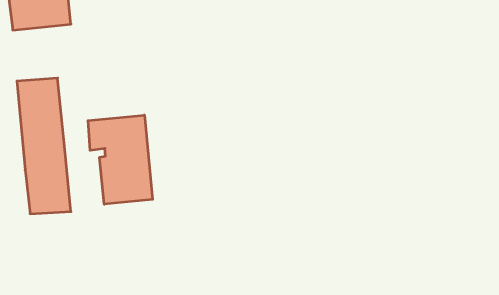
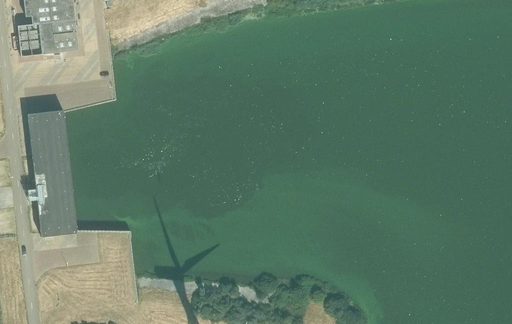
building: [88,115,153,204] -> none

